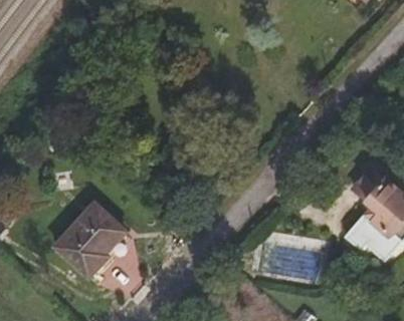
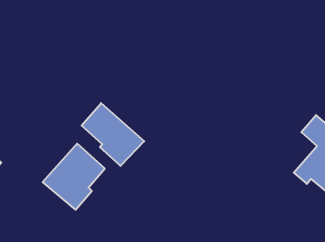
building: none -> [82,103,144,166]

